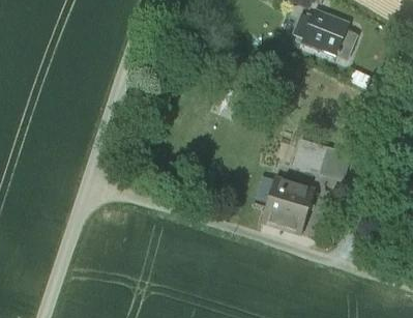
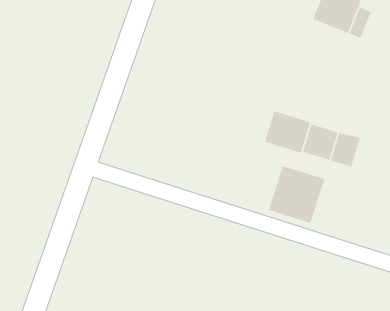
building: none -> [264,110,311,154]

